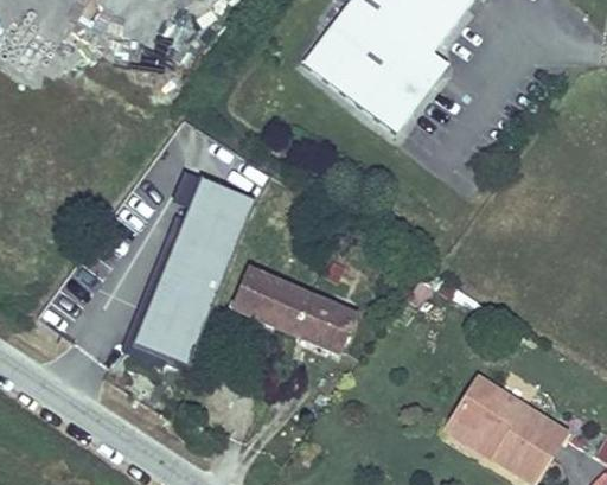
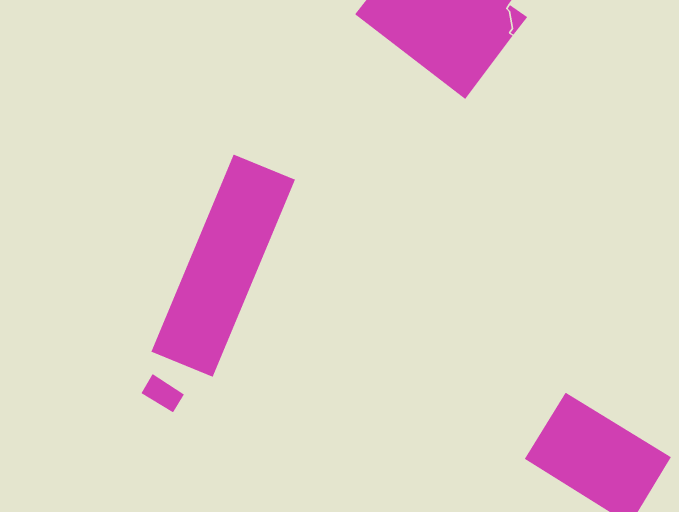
building: [230,263,358,353] -> none

